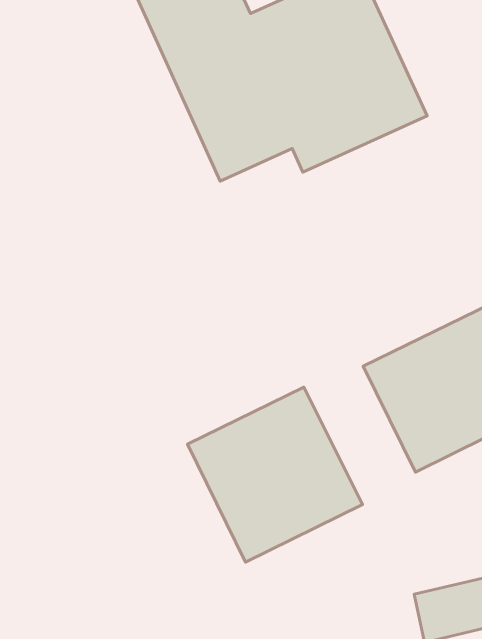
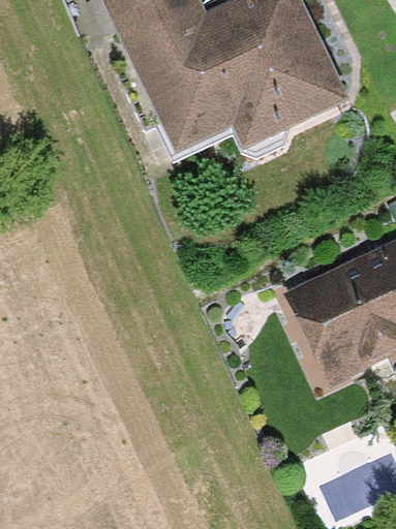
building: [187,387,363,562] -> none

